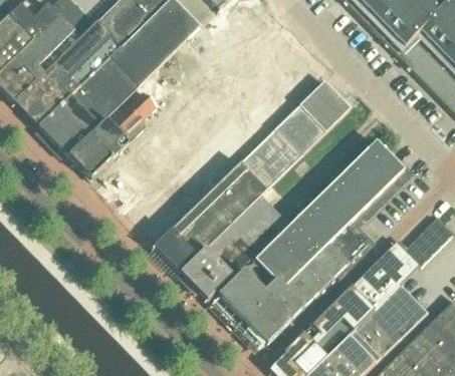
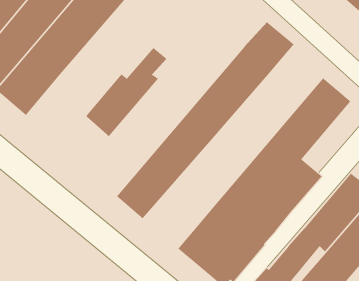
building: [68,91,157,179] -> [86,47,167,137]
building: [180,193,288,300] -> none

